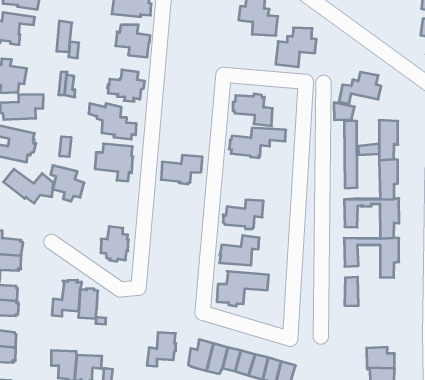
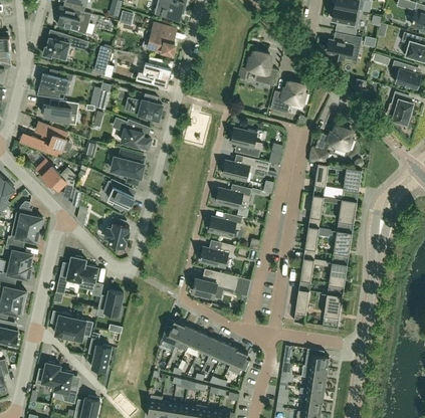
building: [161,155,202,184] -> [215,186,251,210]
building: [51,165,84,201] -> [108,180,134,211]
building: none -> [322,294,342,329]
building: [147,332,176,366] -> [95,291,123,319]

